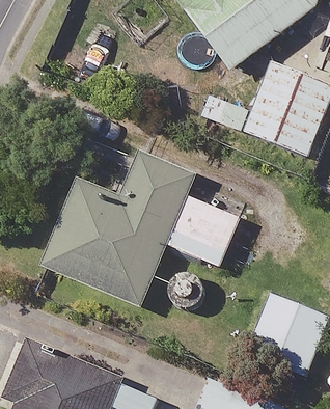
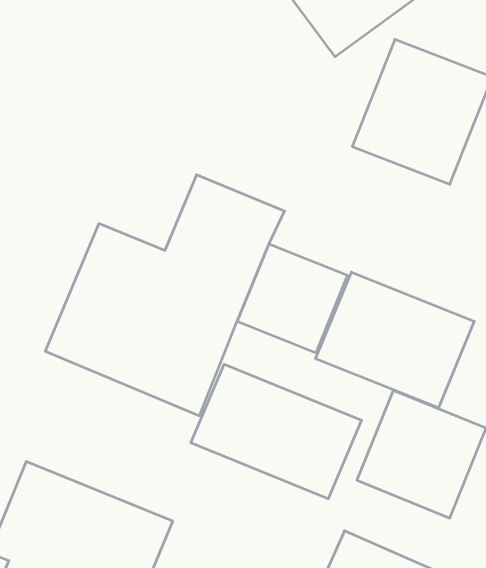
building: none -> [316,272,474,408]
building: none -> [191,364,361,499]

